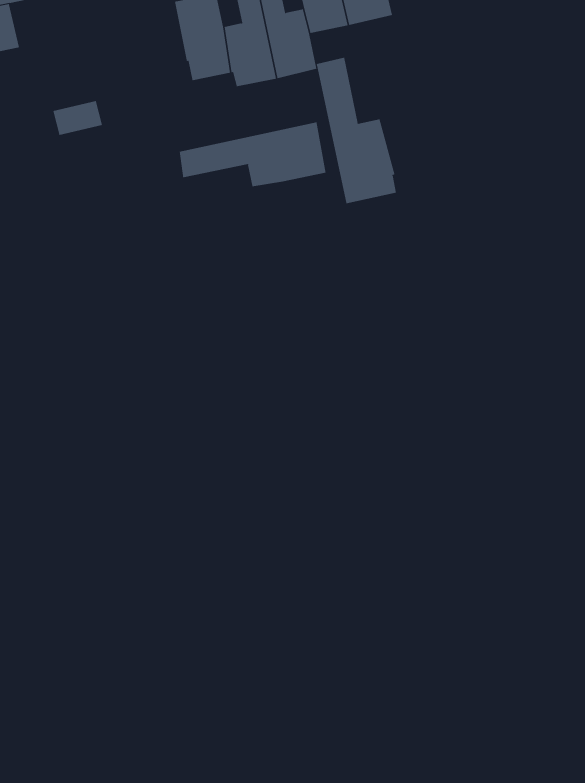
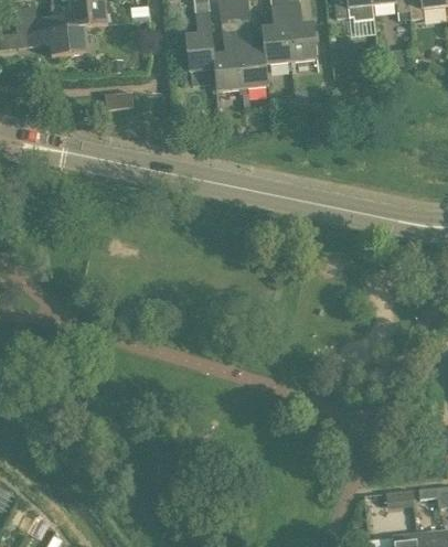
building: [316,57,396,204] -> none
building: [179,122,326,187] -> none

